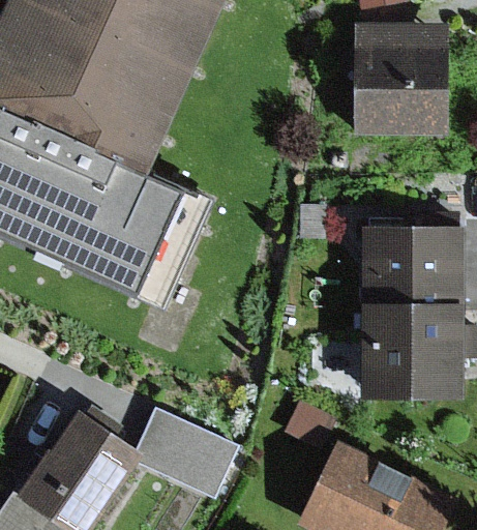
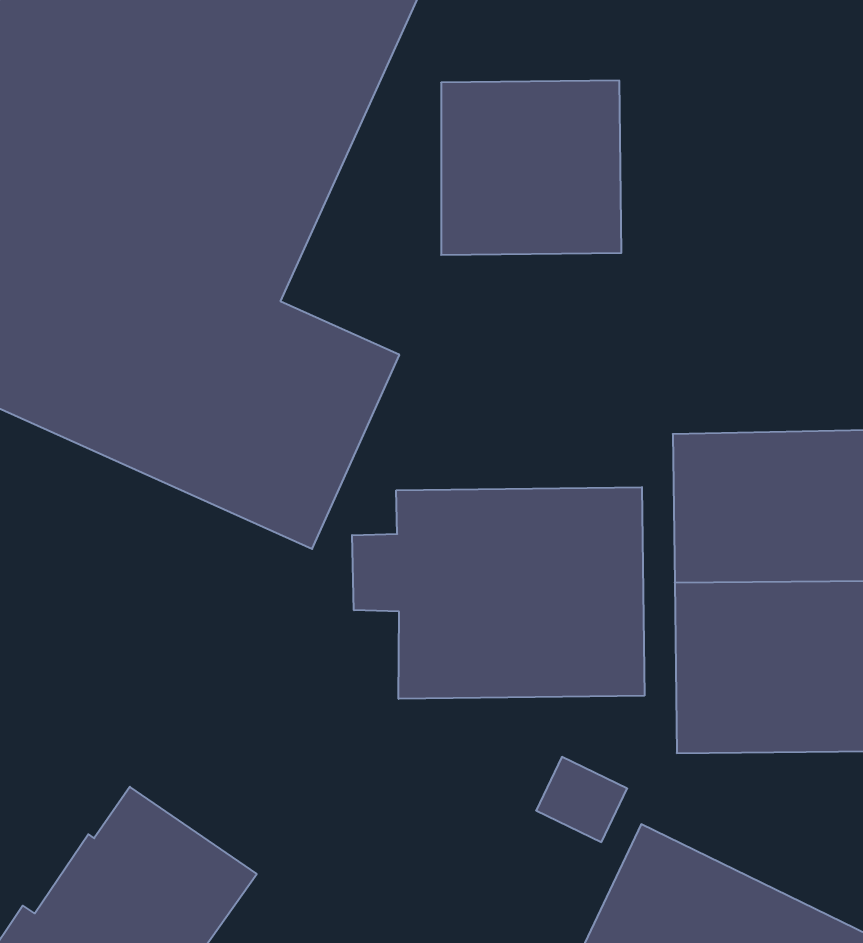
building: [355,40,449,131] -> [441,81,621,255]
building: none -> [352,487,644,699]
building: [131,407,237,495] -> none

